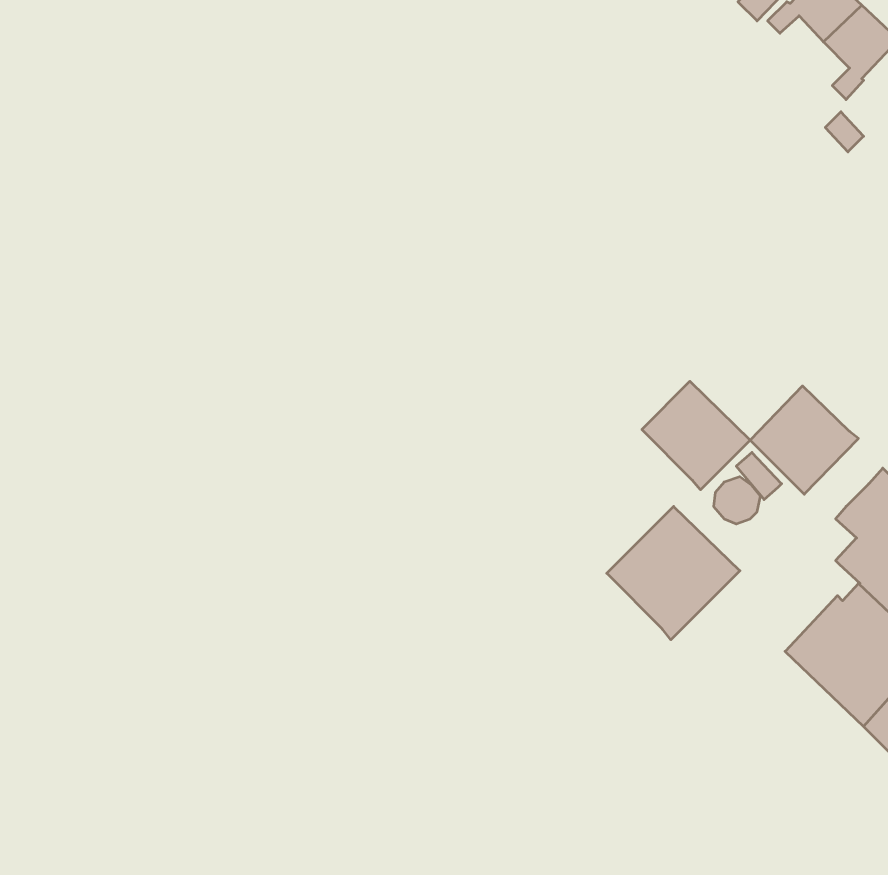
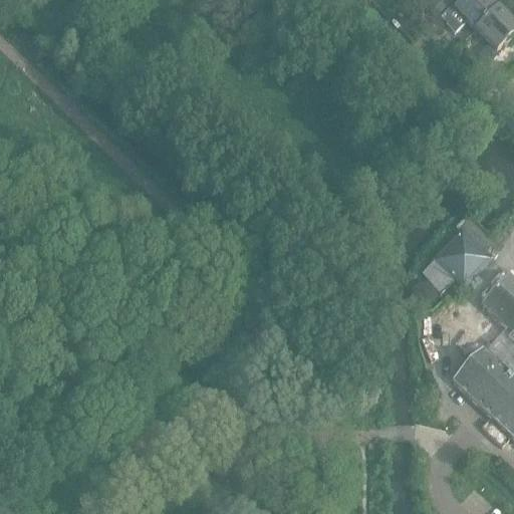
building: [642,381,750,490] -> none
building: [607,506,740,640] -> none

